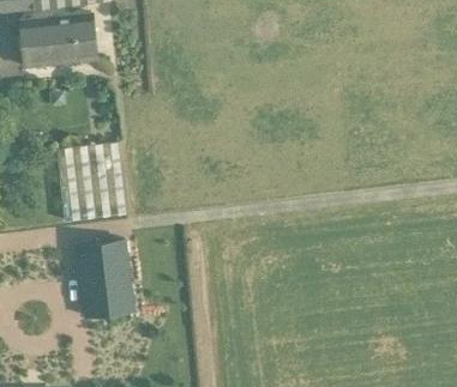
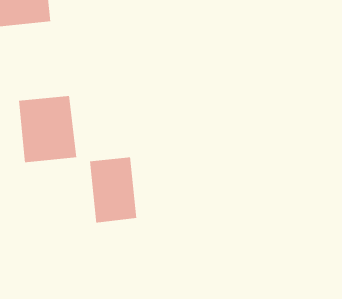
building: [78,241,133,318] -> [89,157,137,223]

